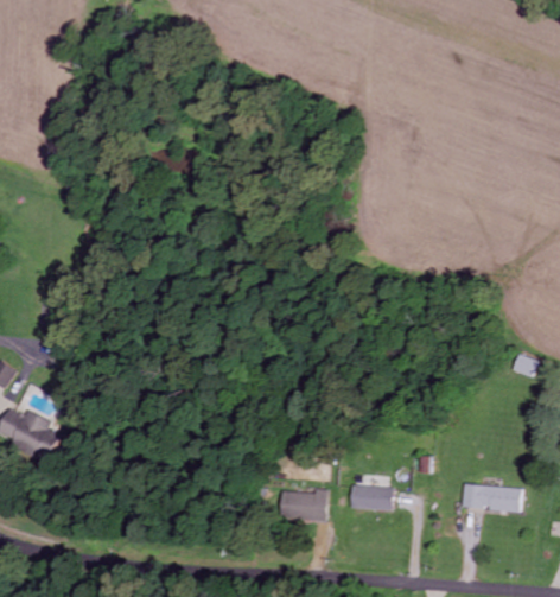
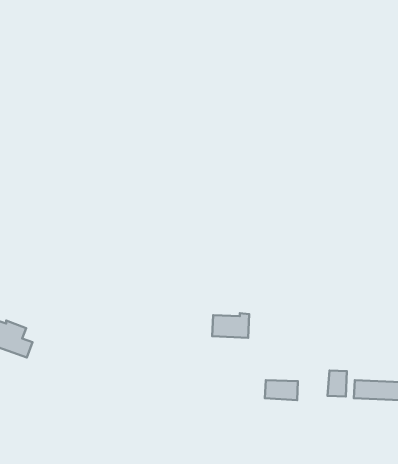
building: none -> [328,370,347,397]
building: [281,489,327,520] -> [212,313,249,338]

